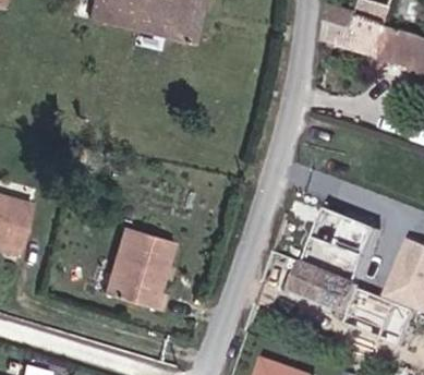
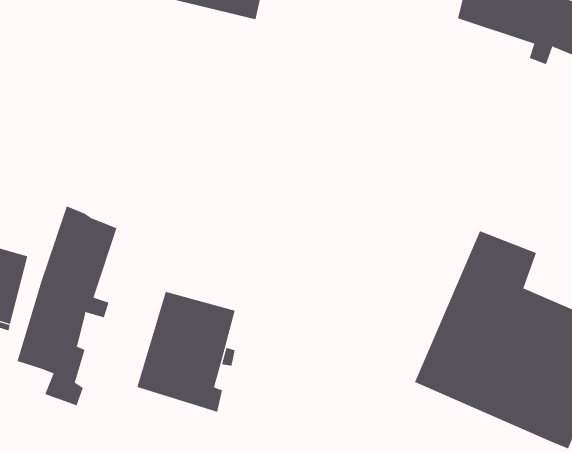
building: none -> [17,206,117,406]

